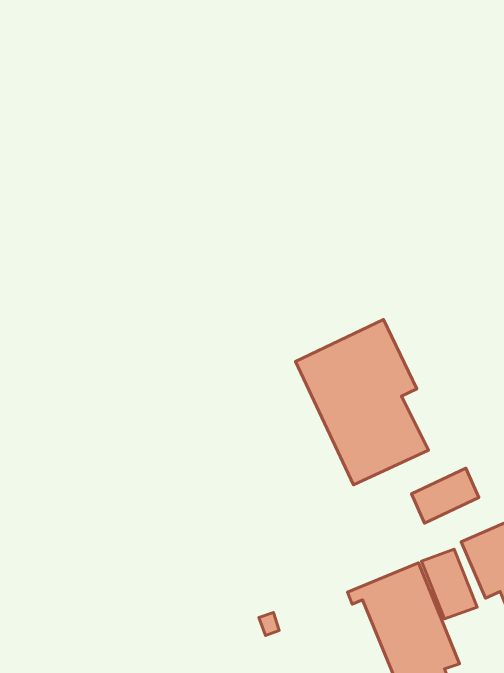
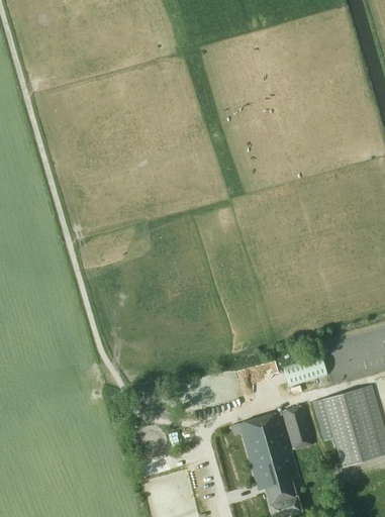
building: [296,319,429,485] -> none

